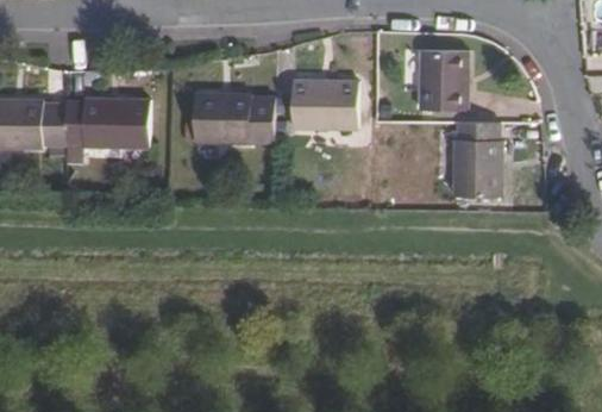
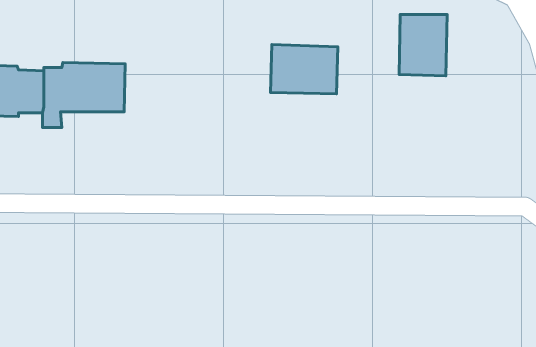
building: [196,94,275,142] -> none
building: [452,123,501,199] -> none

